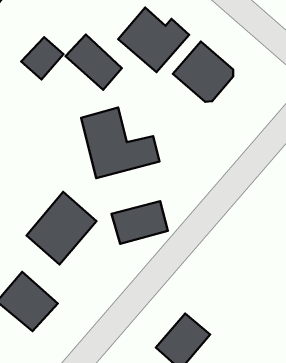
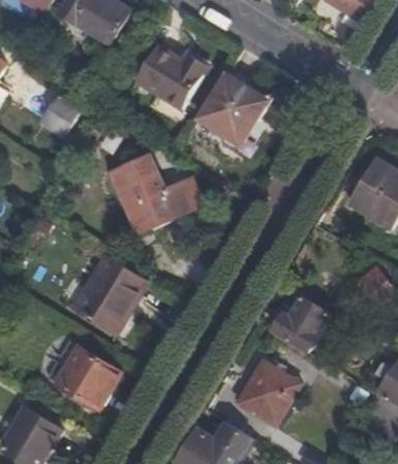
building: [66,34,122,90] -> none
building: [112,201,168,244] -> none
building: none -> [270,298,327,354]

